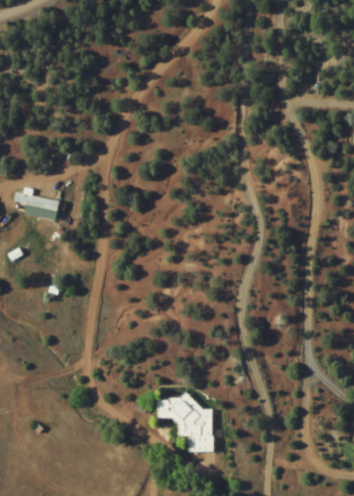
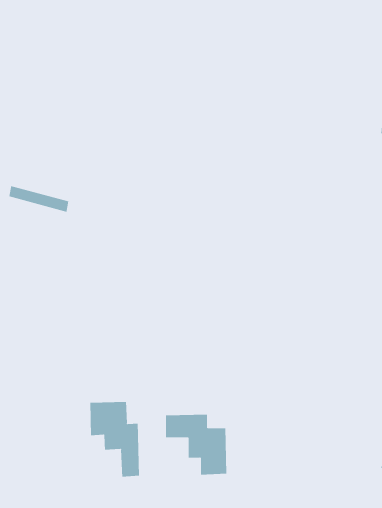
building: none -> [90,401,140,477]

